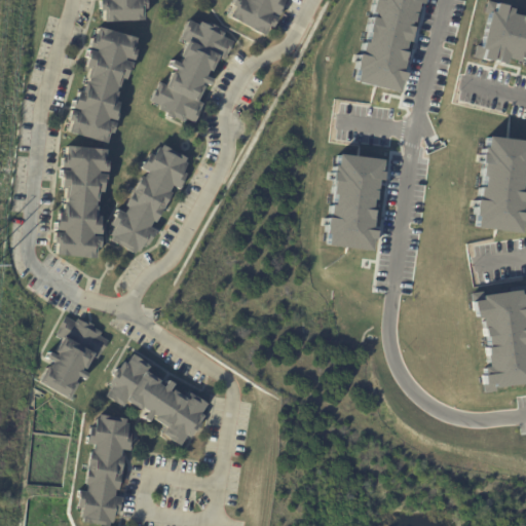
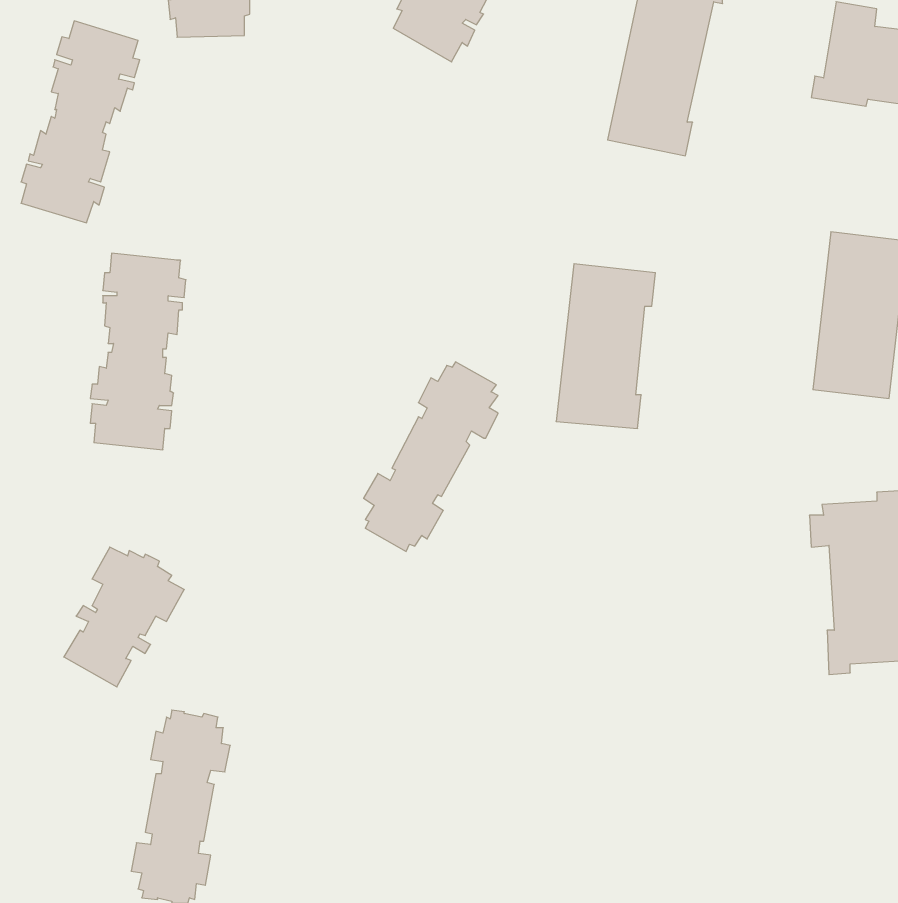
building: [152,20,234,122] -> none
building: [71,28,140,145] -> [21,21,140,223]
building: [112,145,190,255] -> [364,362,498,551]
building: [108,354,210,445] -> none

